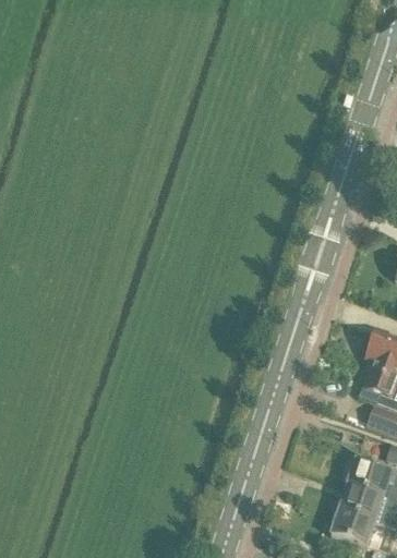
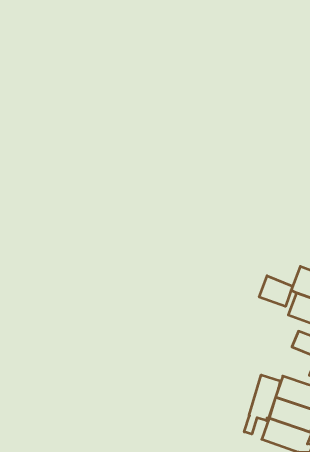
building: none -> [259,276,292,306]
building: none -> [244,375,280,434]

